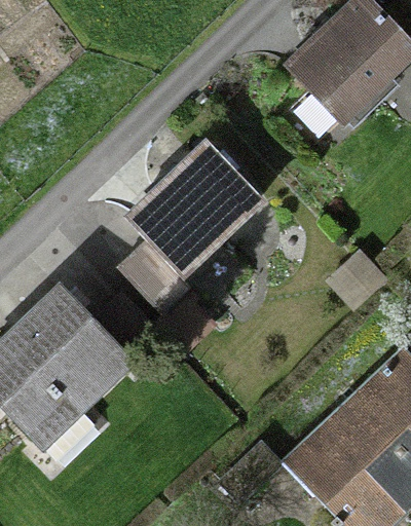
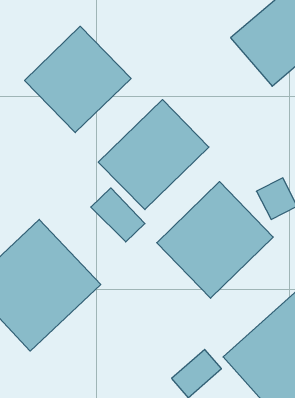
building: none -> [25,26,131,133]
building: none -> [157,182,273,298]

